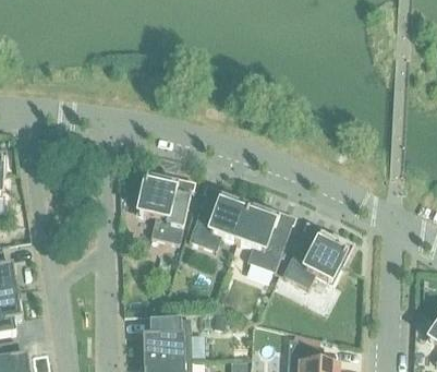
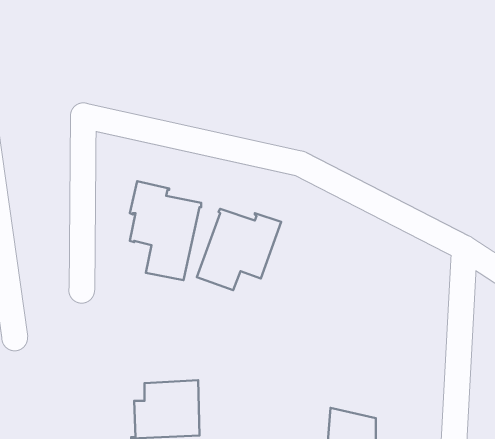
building: [236,200,293,272] -> none
building: [282,227,354,288] -> none

